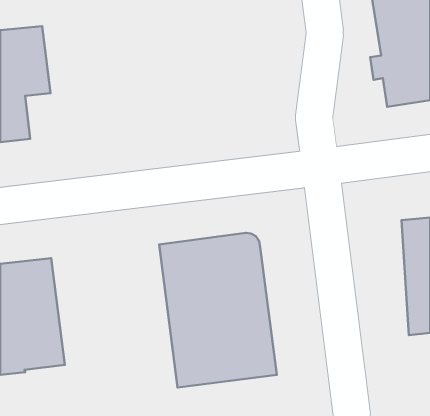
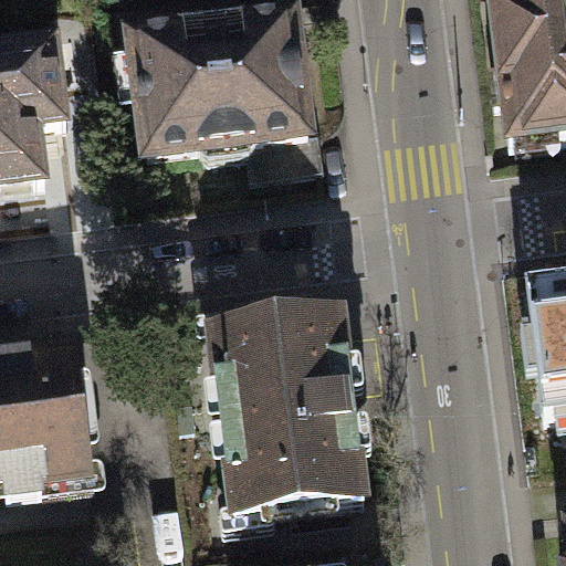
building: none -> [132,8,322,170]

